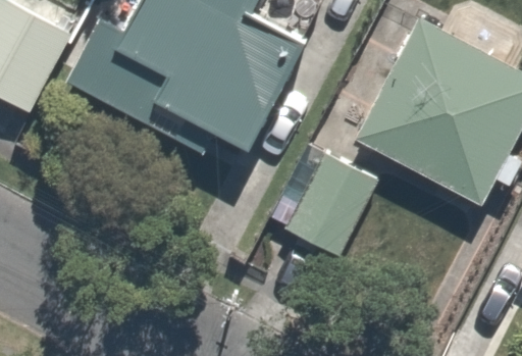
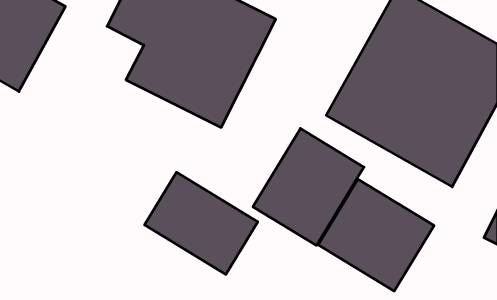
building: none -> [145,172,258,274]
building: none -> [318,179,434,291]

